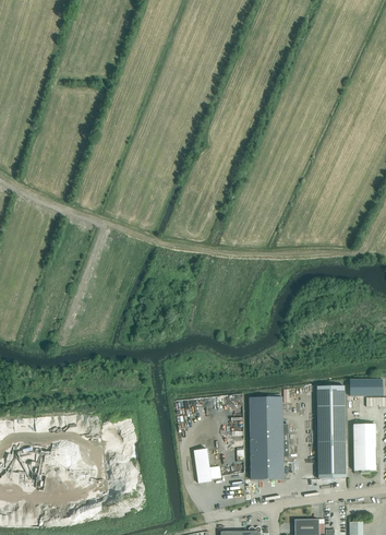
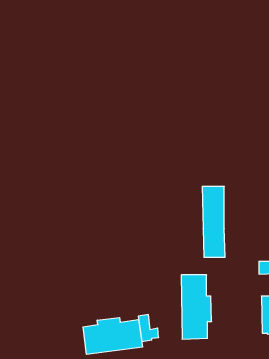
building: [316,387,346,478] -> [202,186,225,257]
building: none -> [83,318,142,354]

